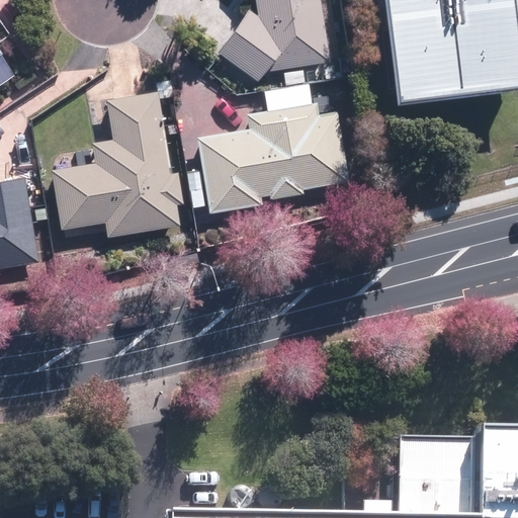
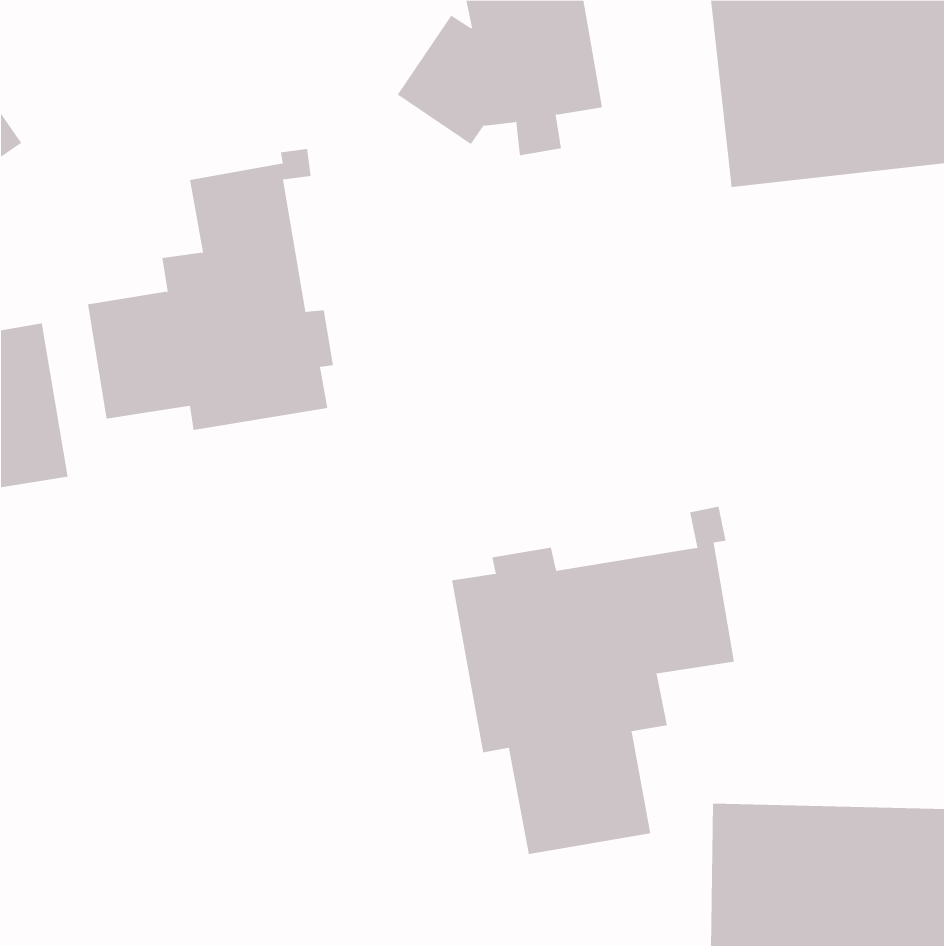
building: [187,82,348,214] -> none
building: none -> [452,506,734,855]

